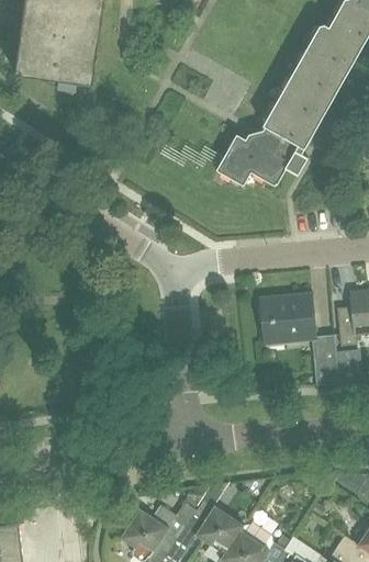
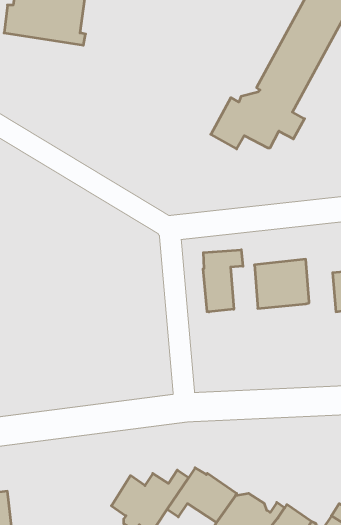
building: none -> [203,250,243,312]
building: [312,335,340,385] -> none

